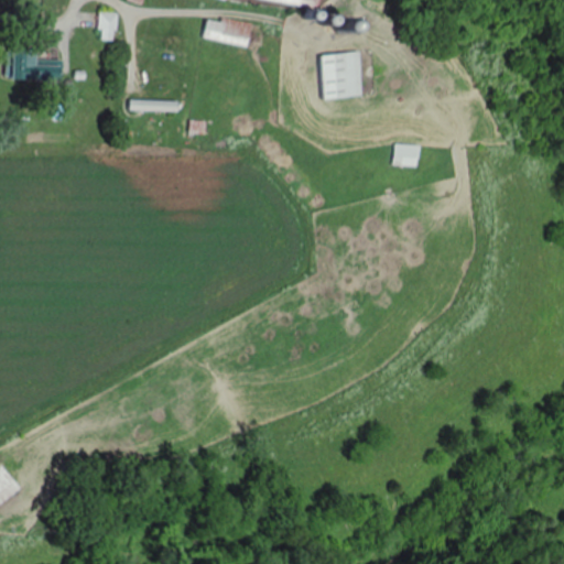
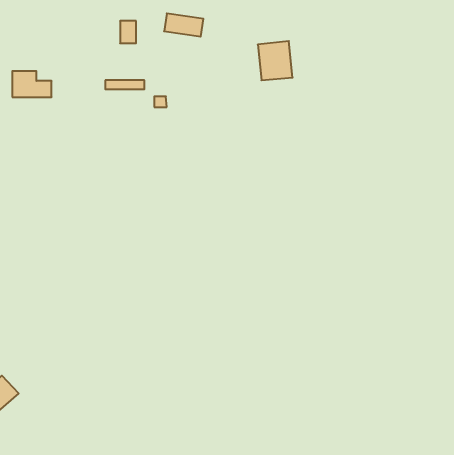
building: [97,12,117,40] -> [120,21,136,43]
building: [14,47,63,79] -> [12,71,52,97]
building: [392,143,417,166] -> none

